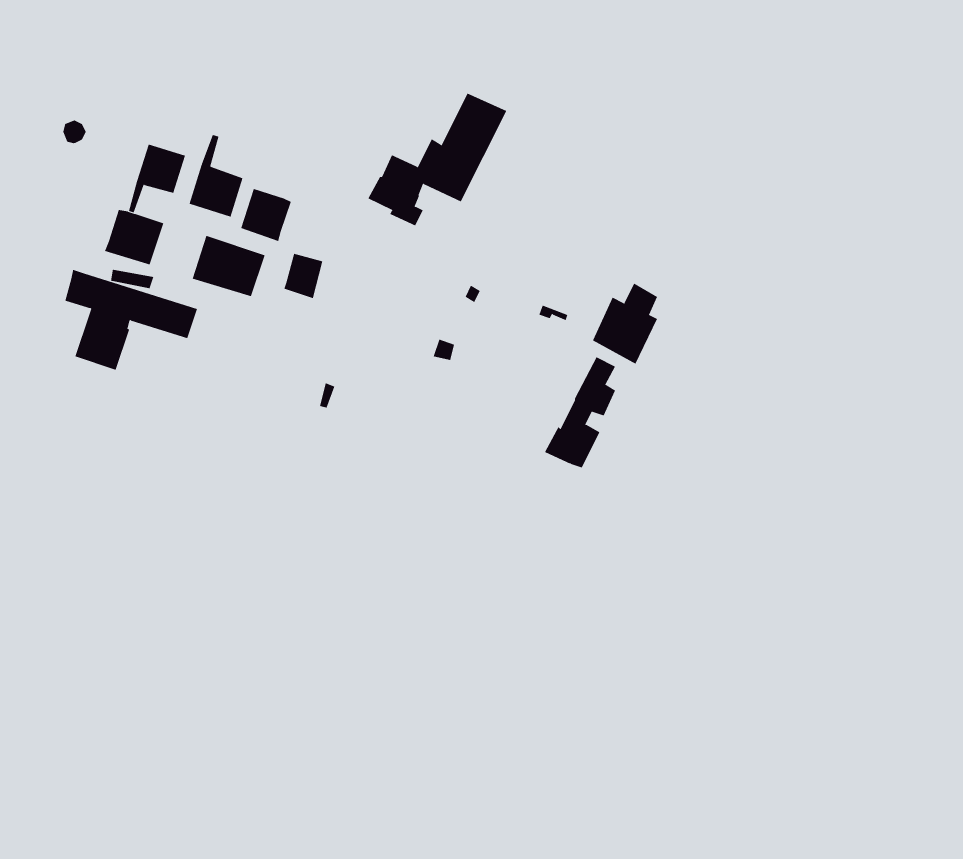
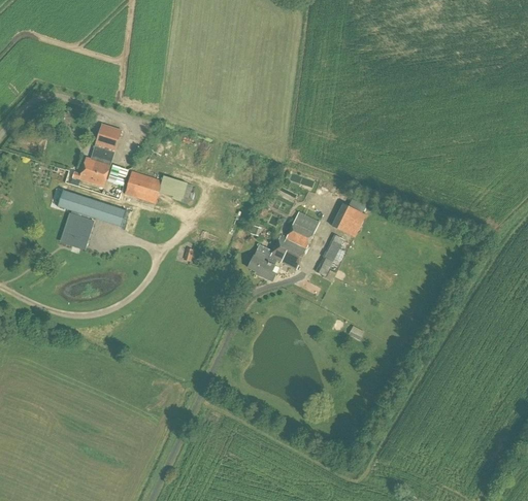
building: [368,93,507,226] -> [246,212,319,281]
building: [189,134,243,217] -> none
building: [241,188,291,242] -> none

